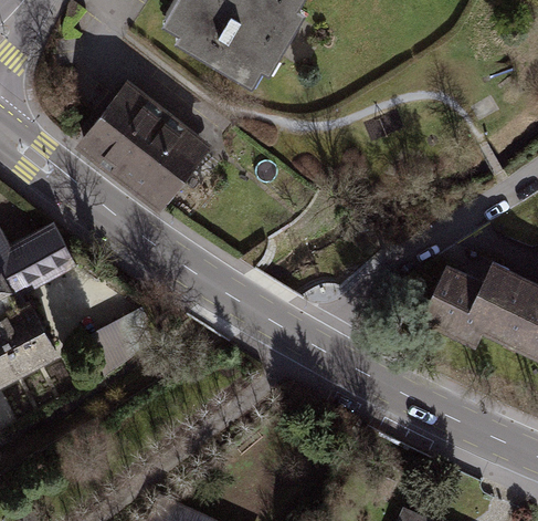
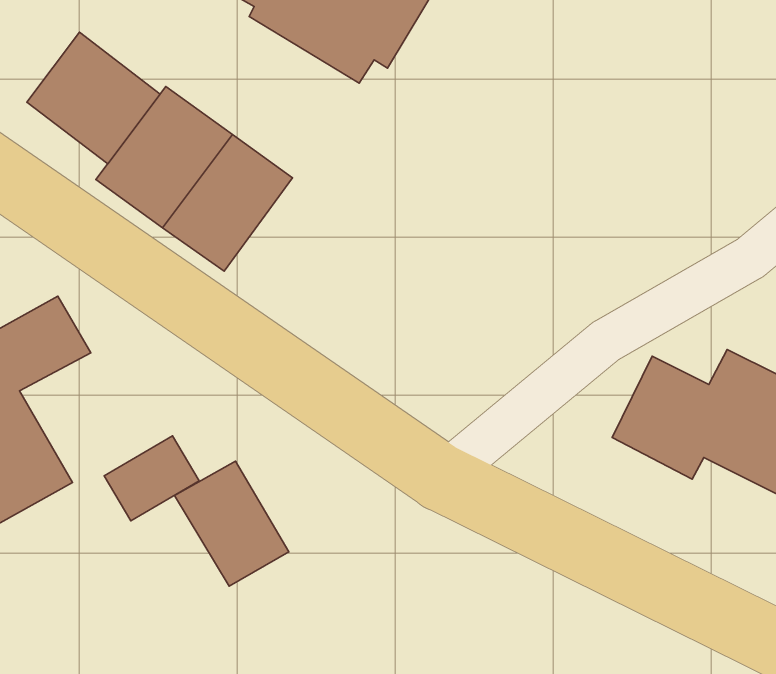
building: none -> [27,32,160,164]
building: none -> [174,461,289,586]

